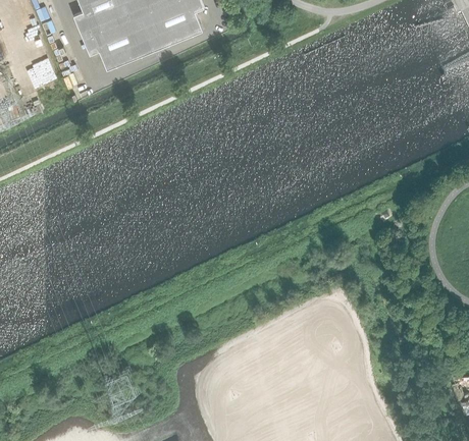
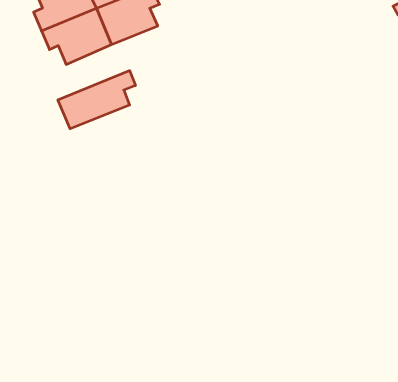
building: none -> [58,71,135,129]

